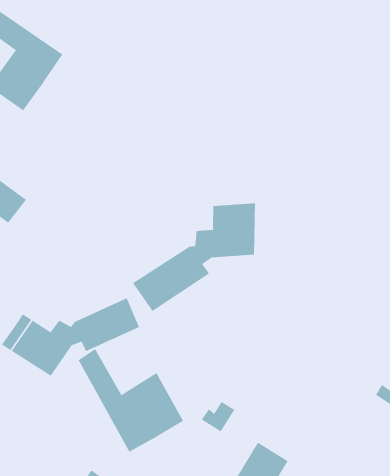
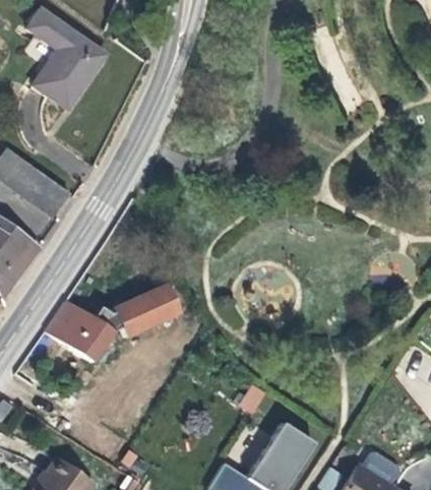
building: [132,202,255,312] -> none
building: [78,348,184,452] -> none

